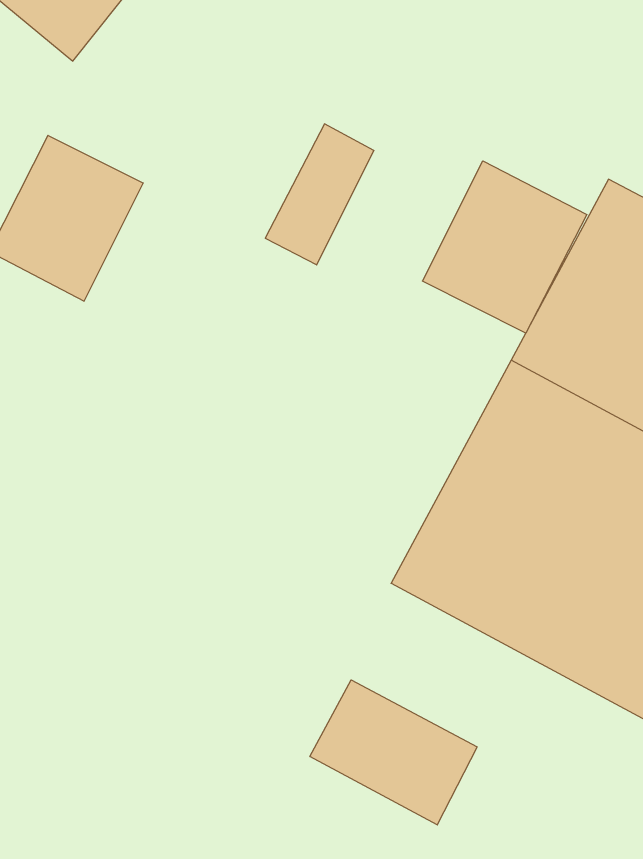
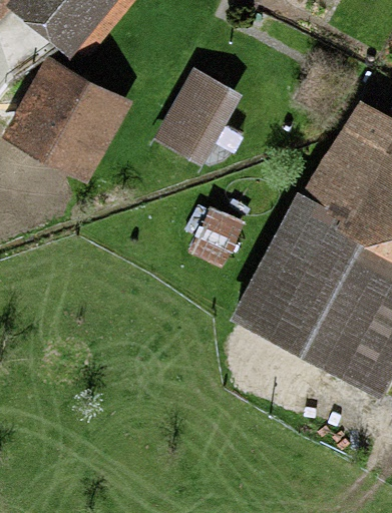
building: [422,161,587,333] -> none
building: [310,680,477,825] -> none

